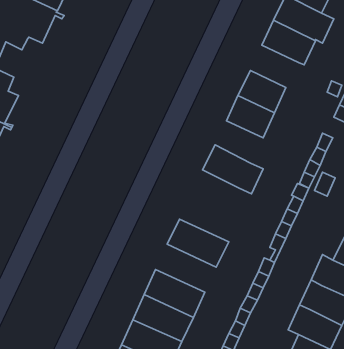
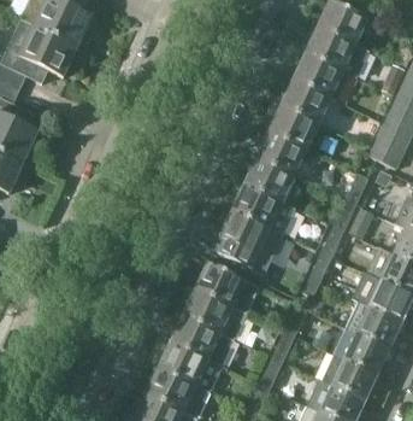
building: none -> [282,78,332,123]
building: none -> [244,158,295,203]
building: none -> [218,210,283,275]
building: none -> [182,288,246,339]

